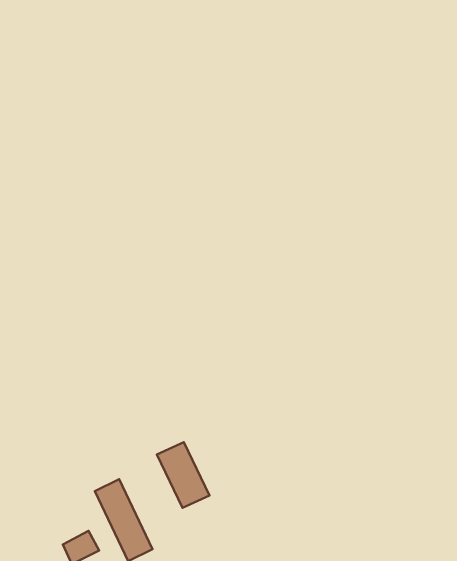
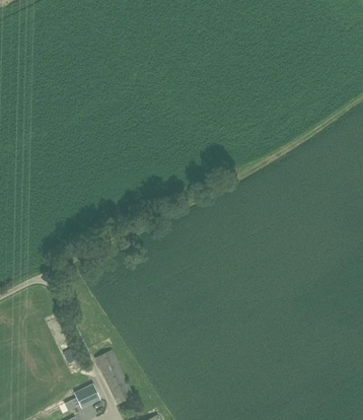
building: [157,442,209,508] -> none

